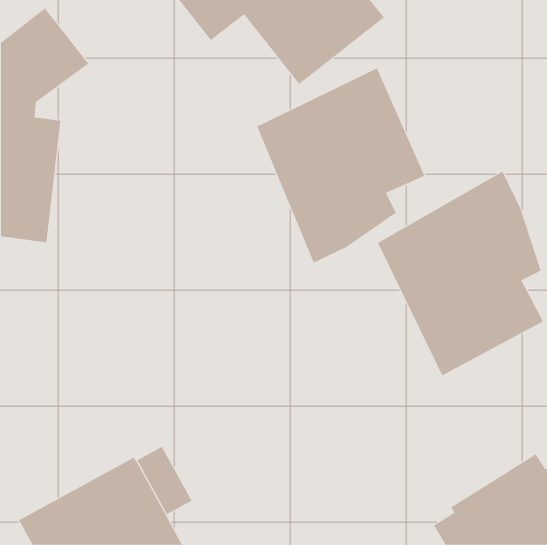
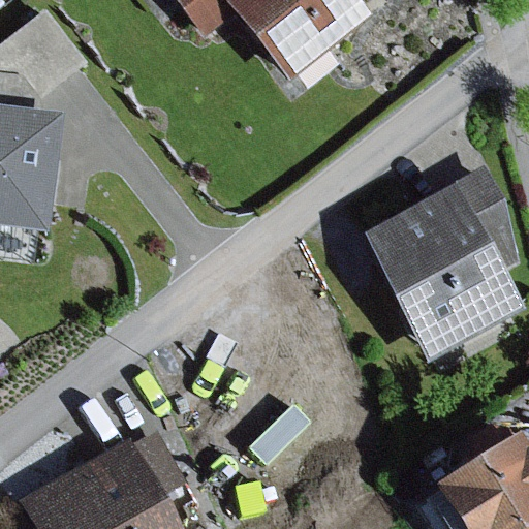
building: [257,67,425,264] -> none

